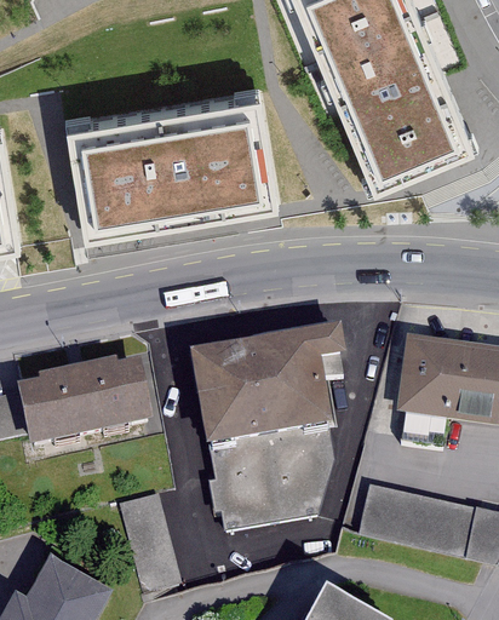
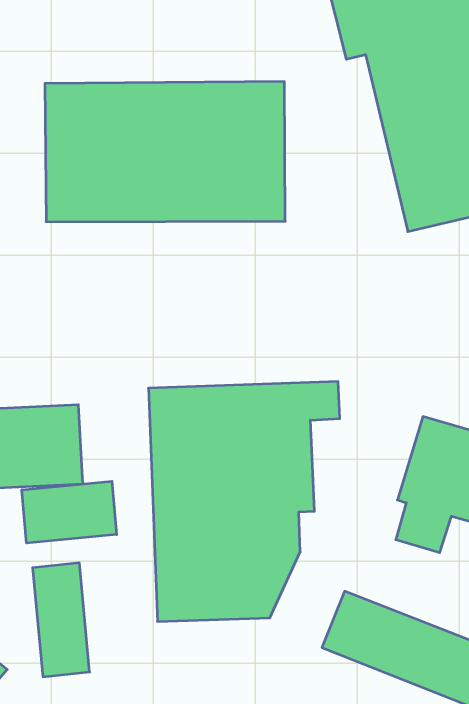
building: none -> [22,481,117,543]

